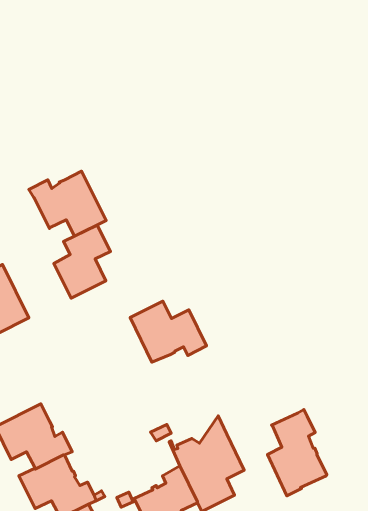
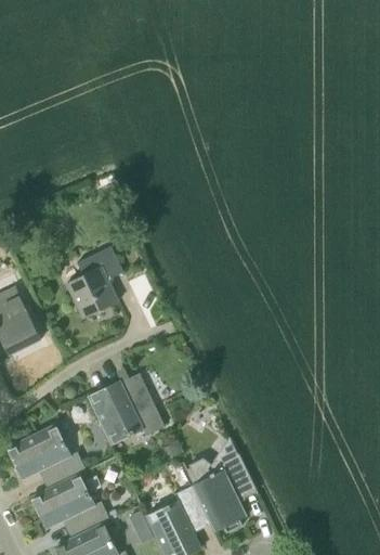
building: [29,171,106,236] -> none
building: [130,301,206,362] -> [88,382,163,442]
building: [268,410,327,496] -> none

